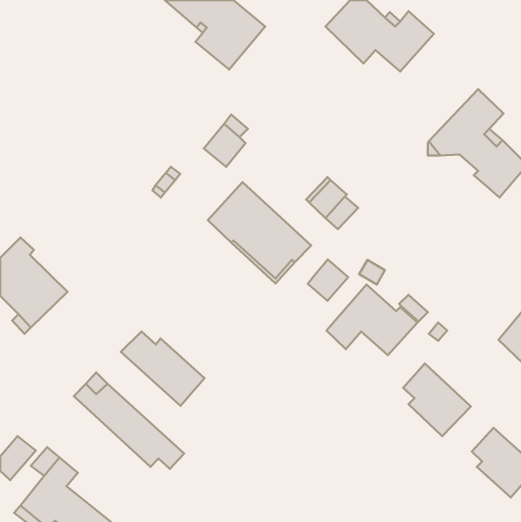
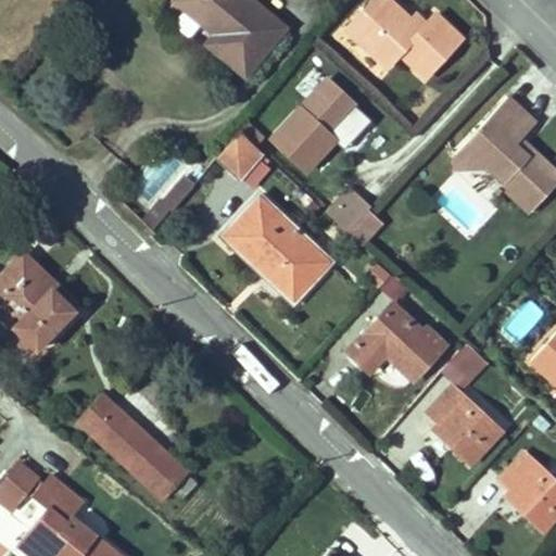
building: none -> [273,79,356,170]
building: [308,259,348,301] -> none
building: [121,331,204,406] -> none

